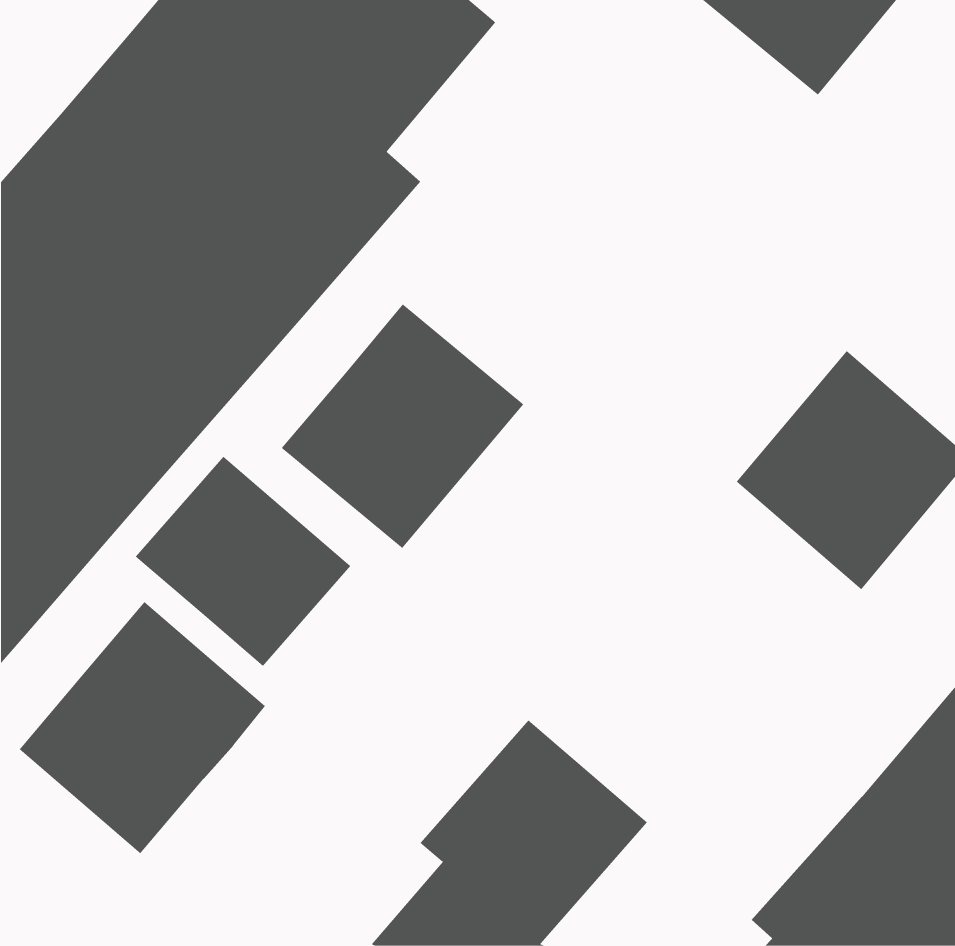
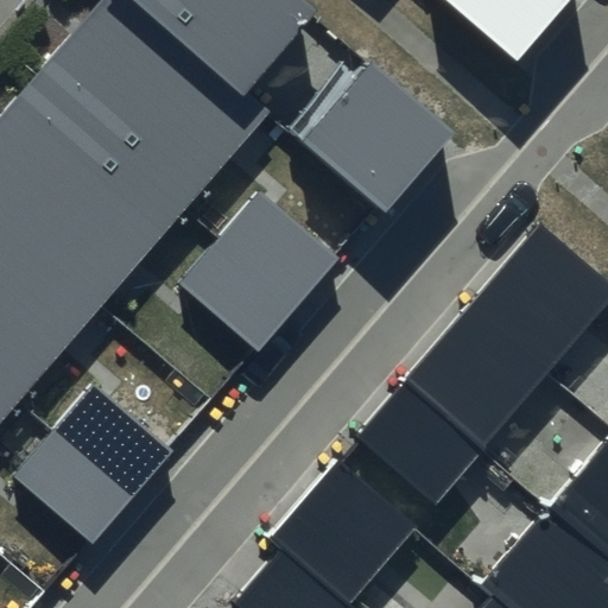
building: none -> [302,66,452,216]
building: [135,456,351,667] -> none
building: none -> [356,305,547,504]

